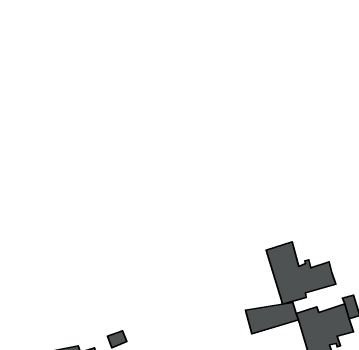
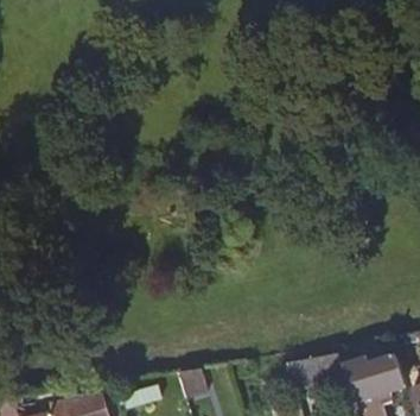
building: [266,242,336,304] -> none

